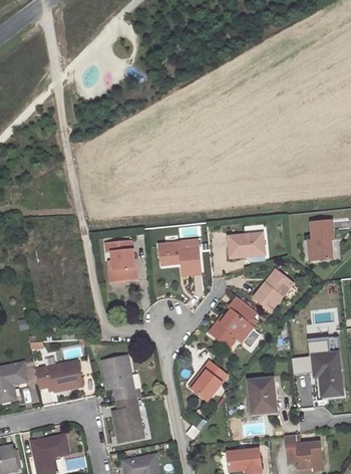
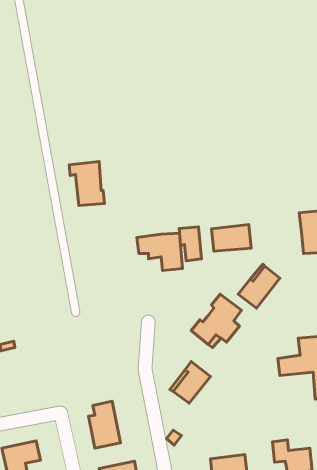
building: none -> [179,227,201,261]
building: [104,239,137,280] -> [69,162,104,206]
building: [102,357,134,402] -> none
building: [34,362,81,391] -> none
building: [248,378,274,413] -> none

